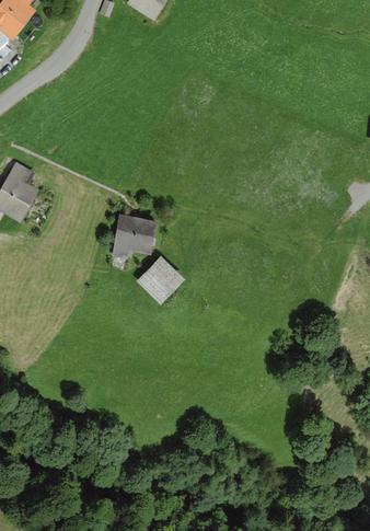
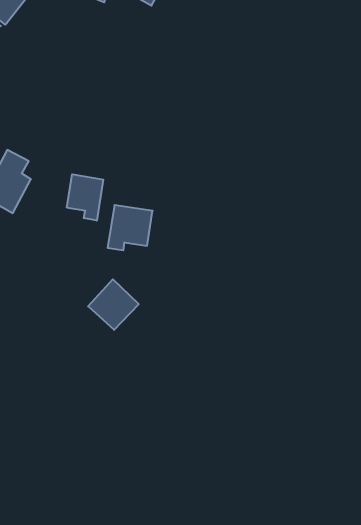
building: none -> [67,174,103,221]
building: [135,255,184,304] -> [88,279,139,330]

